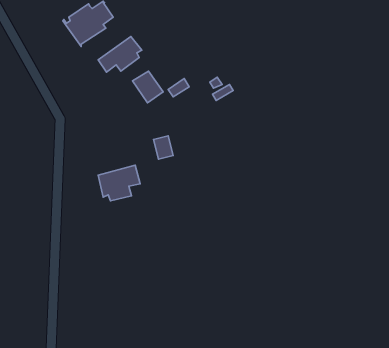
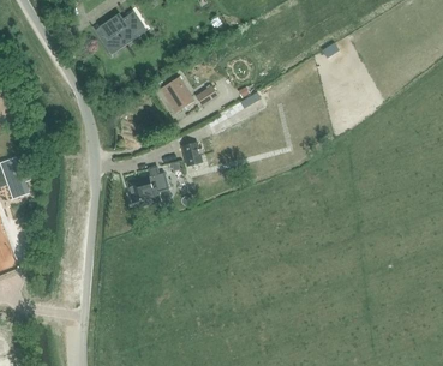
building: [98,37,142,72] -> none

